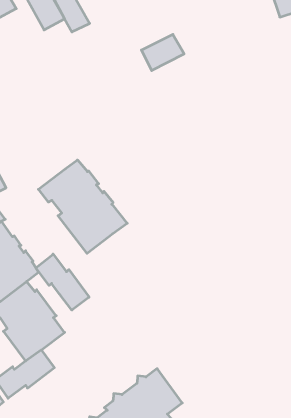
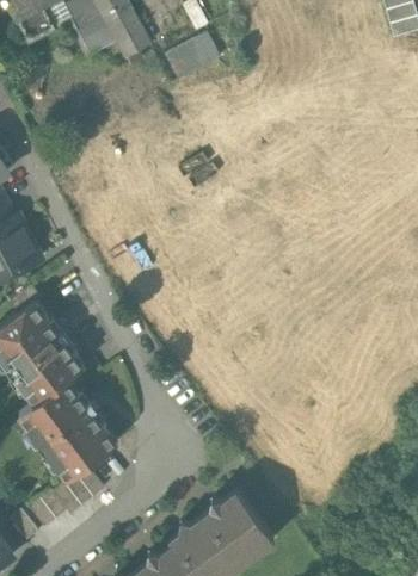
building: [141,34,184,71] -> [170,30,225,76]
building: [38,160,127,253] -> none
building: [36,254,89,310] -> none

